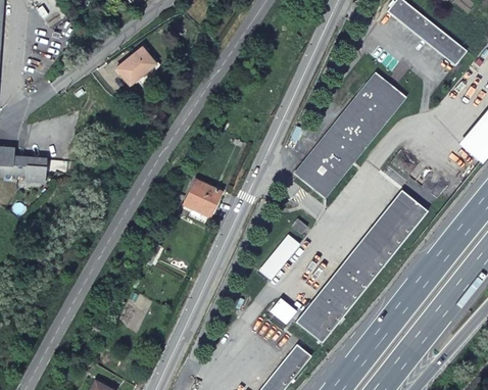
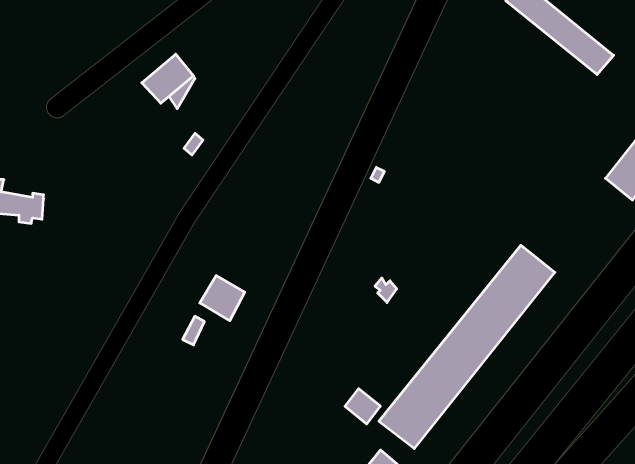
building: [302,79,401,192] -> none
building: [187,186,221,220] -> [200,276,245,321]
building: [256,234,299,281] -> none

